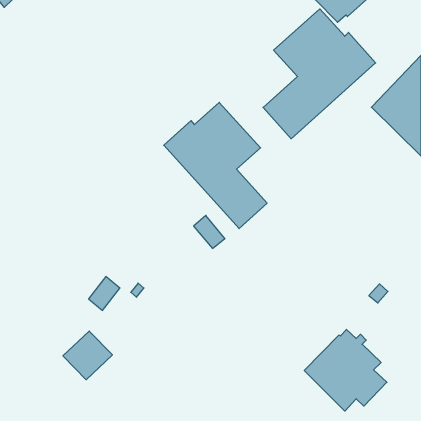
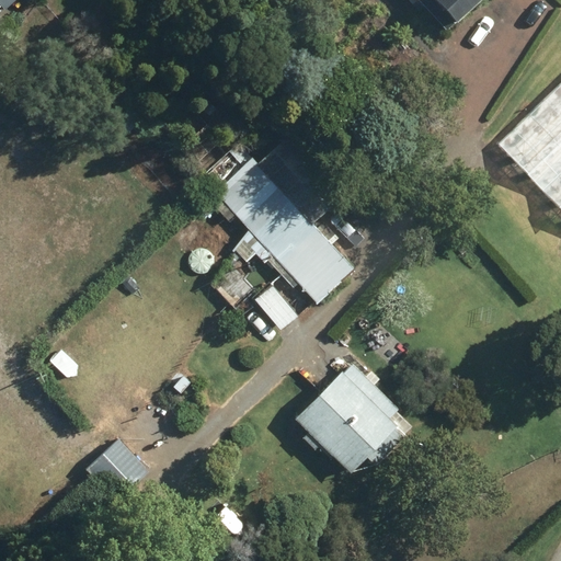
building: [263,9,376,139] -> none
building: [304,329,387,411] -> [297,365,407,473]

